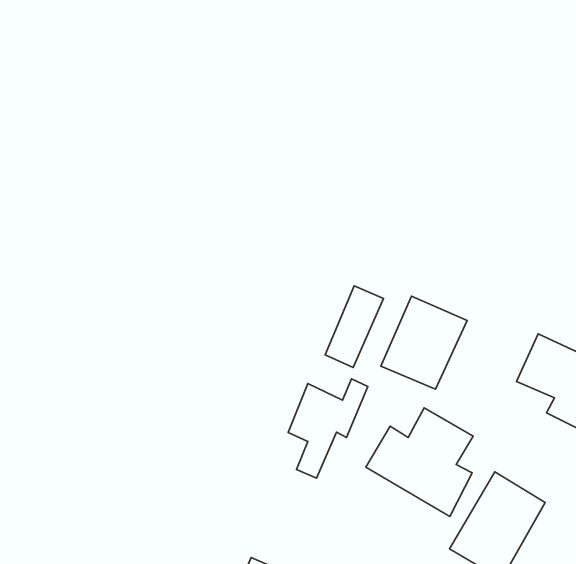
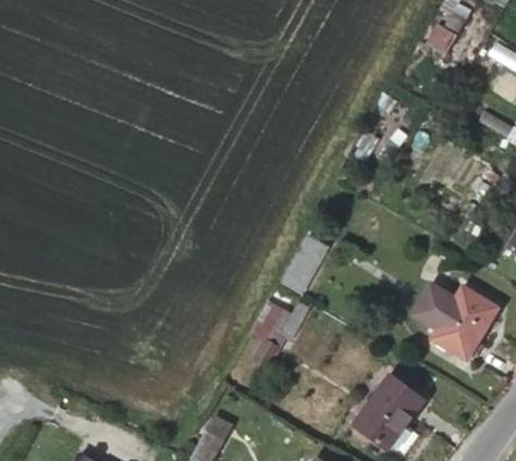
building: [381,296,467,389] -> none
building: [366,408,473,516] -> none

